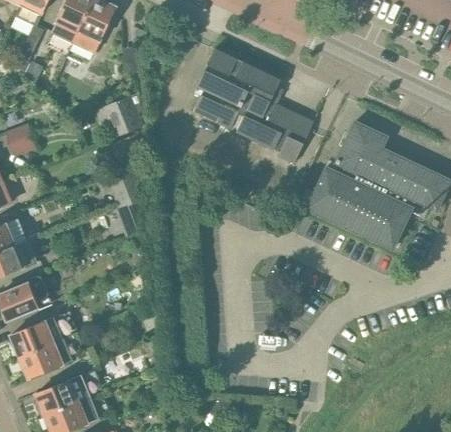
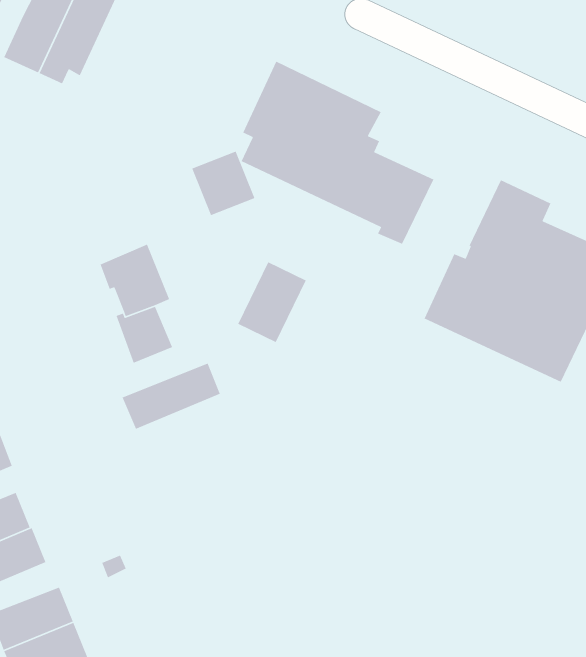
building: [102,96,142,137] -> [191,151,255,216]
building: none -> [237,261,307,343]
building: none -> [122,363,221,430]

